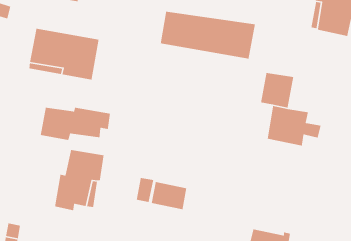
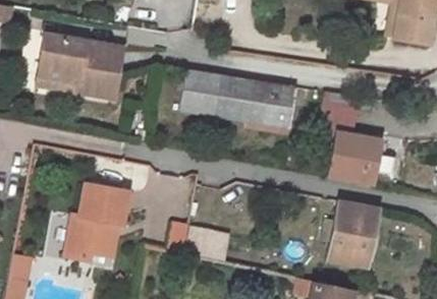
building: [160,11,256,59] -> [181,68,299,128]
building: [40,107,111,141] -> none
building: none -> [324,201,377,266]

